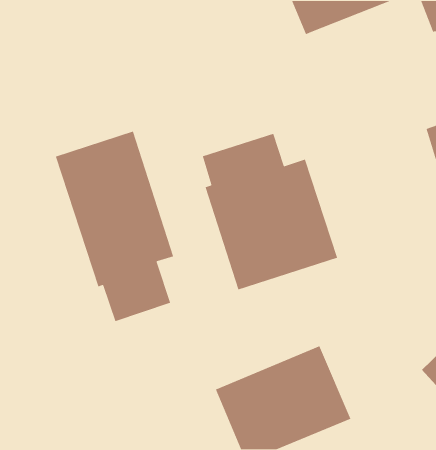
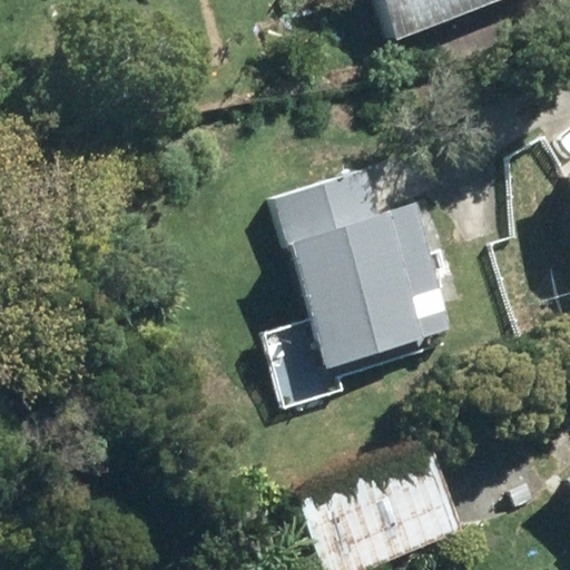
building: [55,131,174,322] -> none

